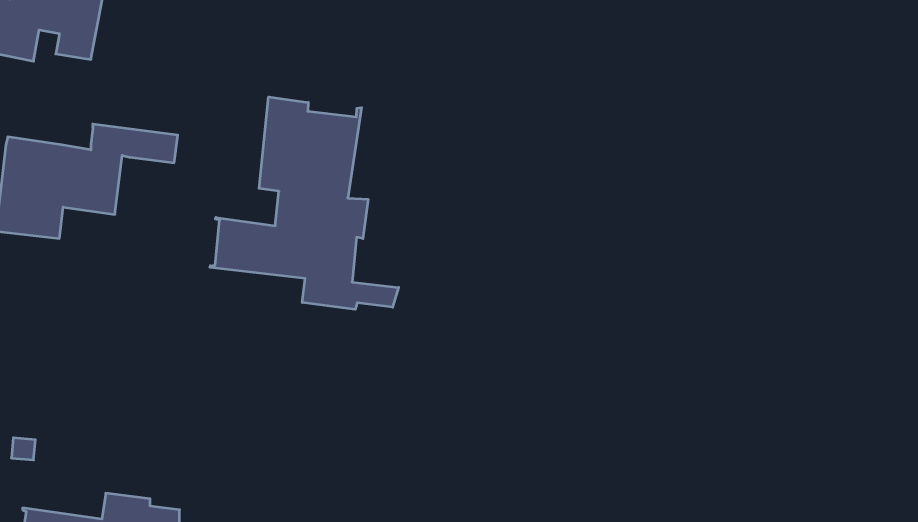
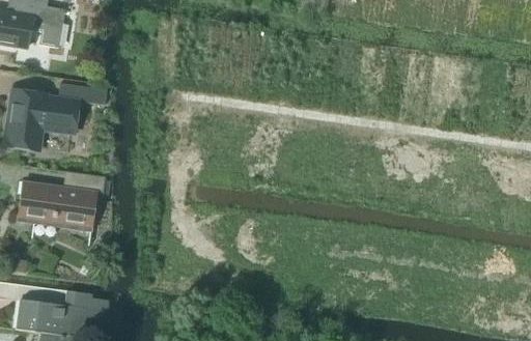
building: [210,97,399,309] -> none
building: none -> [17,171,104,225]

